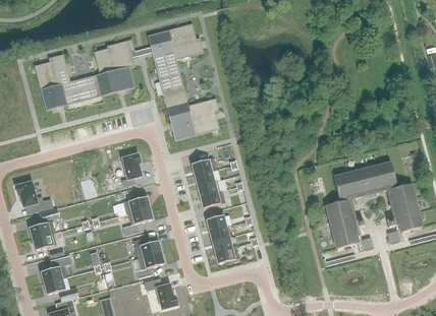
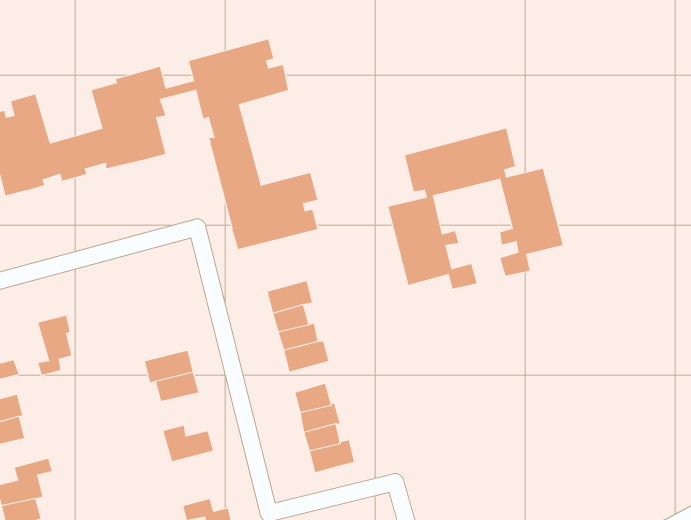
building: [121,153,141,187] -> [37,315,72,376]
building: [324,162,422,251] -> [388,128,564,289]
building: [135,252,164,278] -> none

